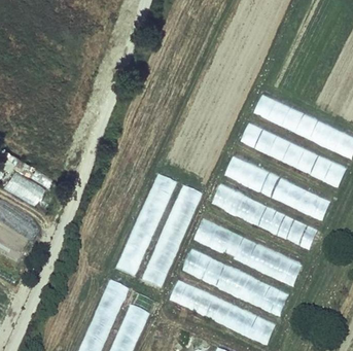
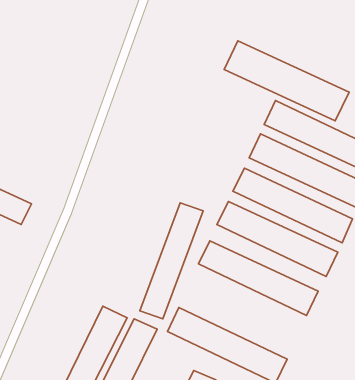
building: none -> [224,41,349,121]
building: [116,174,175,279] -> none
building: [181,250,289,317] -> none

